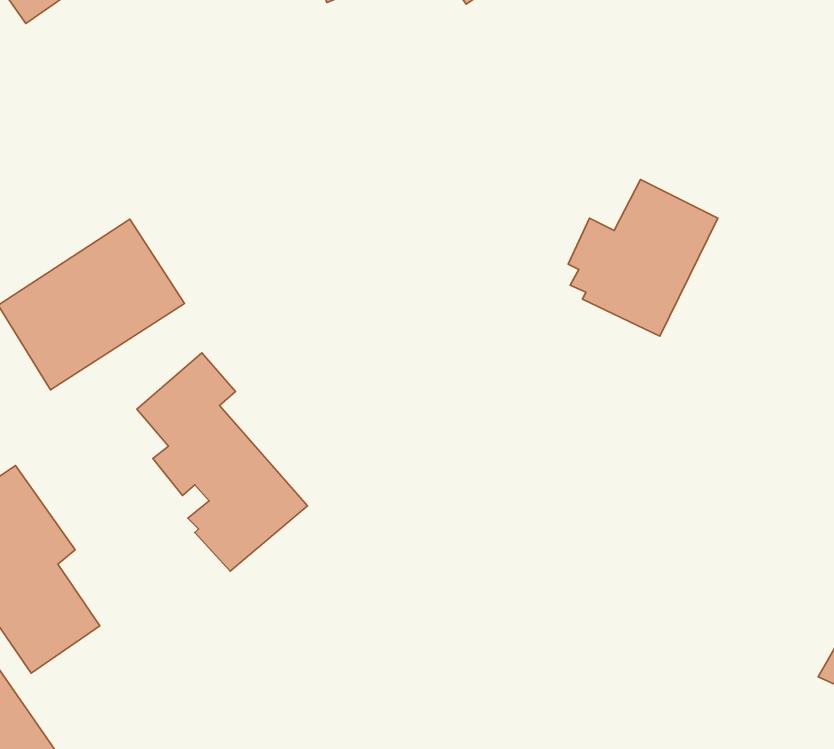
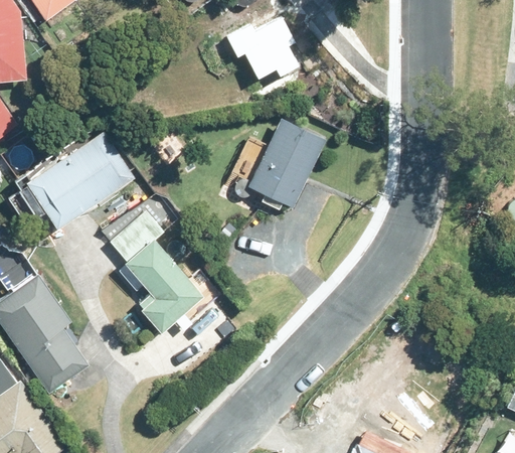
building: none -> [236,15,299,79]
building: [568,180,718,336] -> [238,116,324,205]

